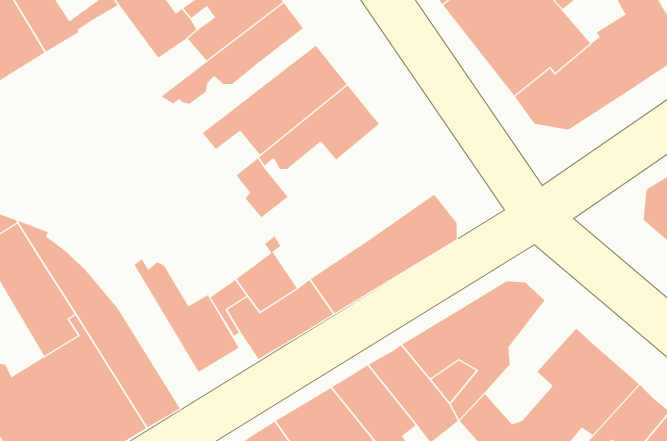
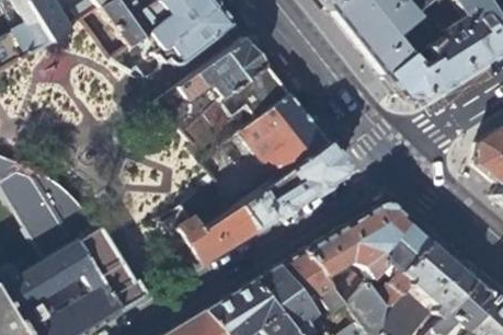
building: none -> [241,94,329,180]
building: [134,258,239,373] -> none
building: none -> [365,221,431,310]

